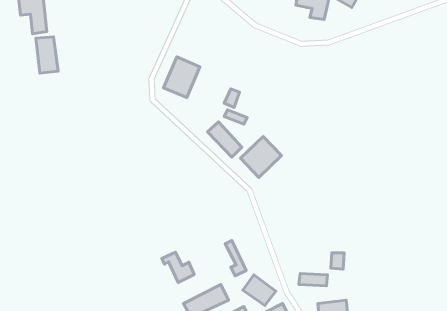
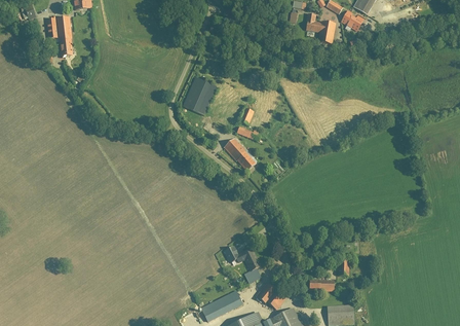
building: [36,37,58,73] -> none
building: [240,136,282,177] -> none
building: [162,252,194,282] -> none

